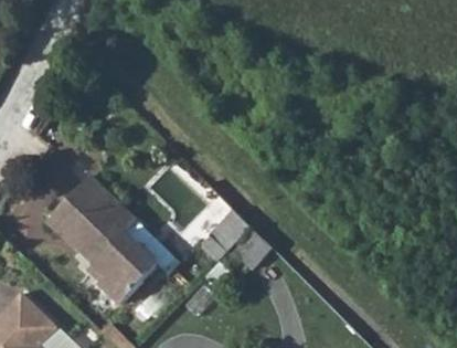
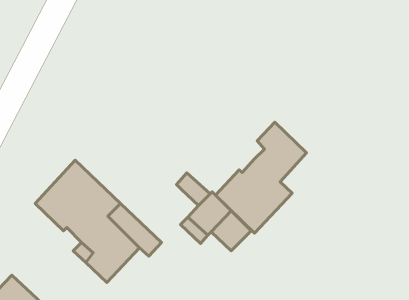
building: none -> [215,122,306,233]

